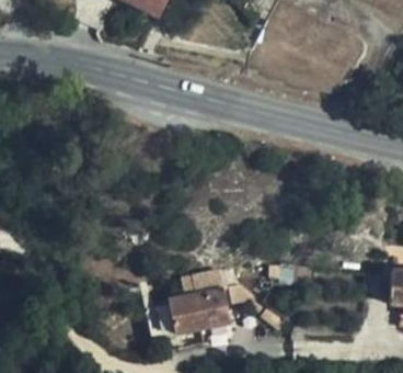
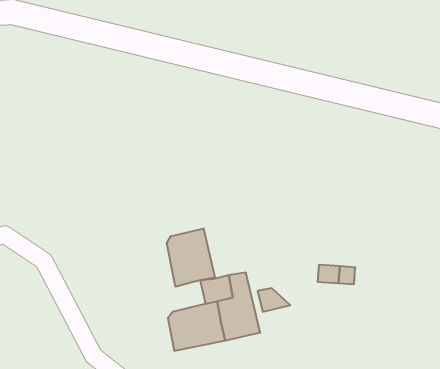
building: none -> [167,228,215,287]

